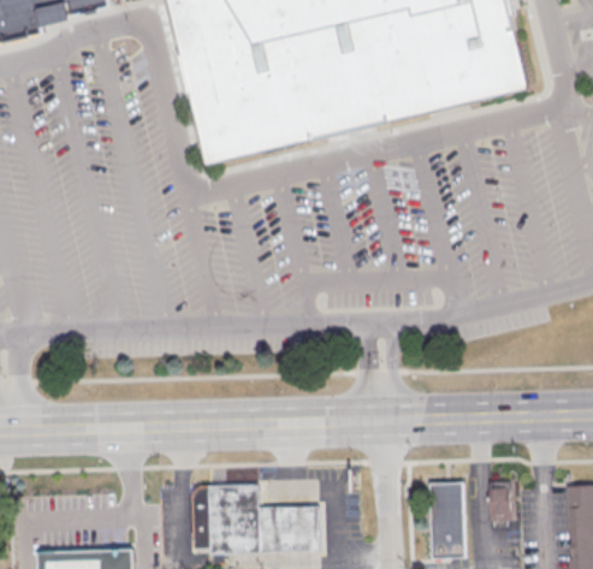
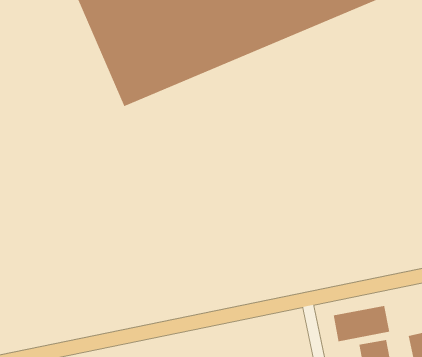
building: none -> [333,305,390,342]

